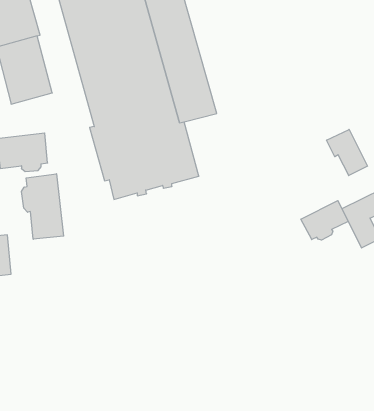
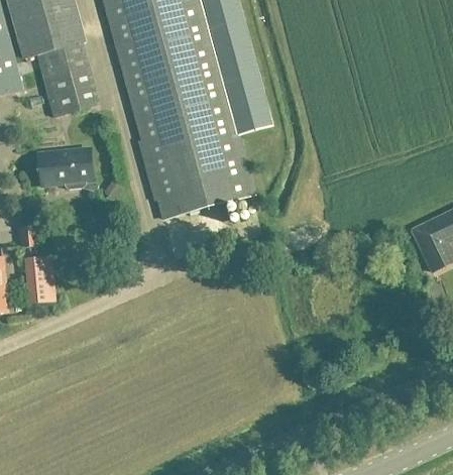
building: [327,129,367,176] -> none
building: [21,174,64,239] -> none
building: [301,201,348,240] -> none

